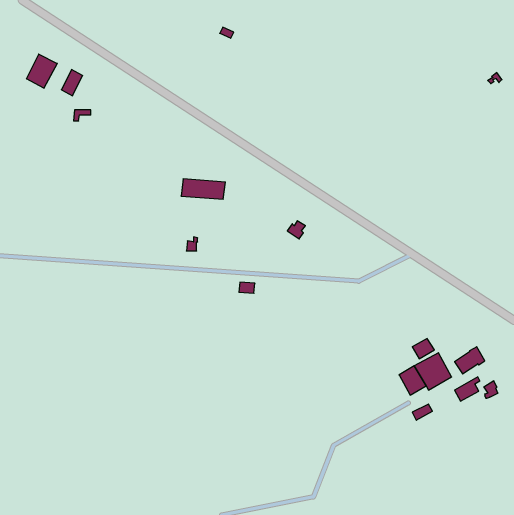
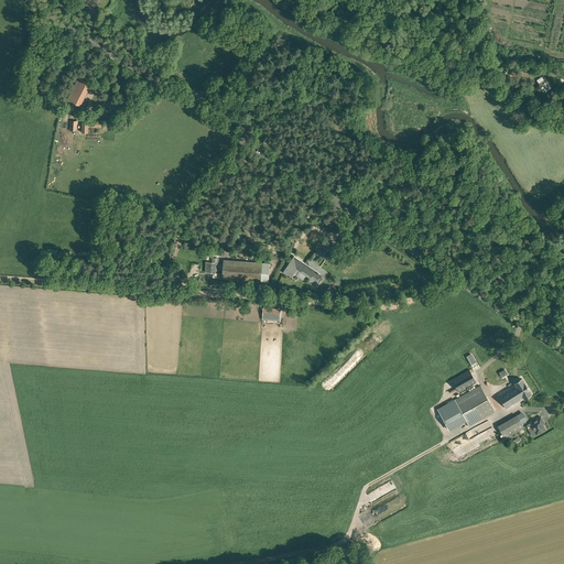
building: [27,54,57,88] -> none
building: [181,179,225,199] -> [220,260,269,282]
building: none -> [282,256,325,280]

